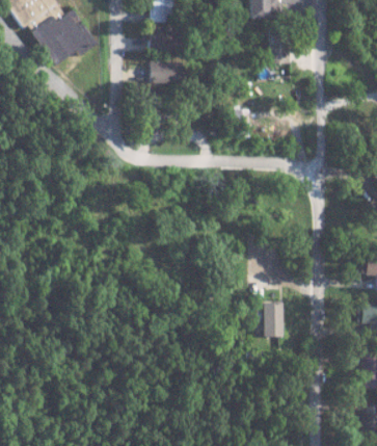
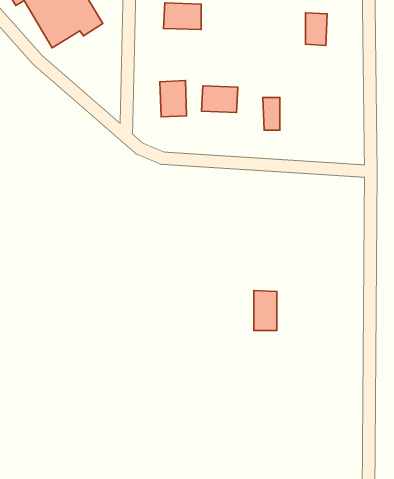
building: [149,60,180,83] -> [201,86,238,113]
building: [265,300,285,335] -> [254,290,277,330]

